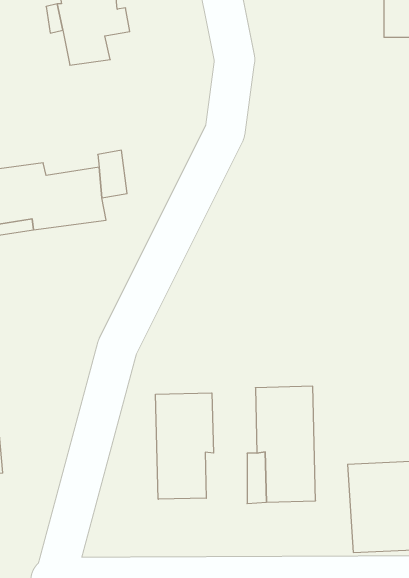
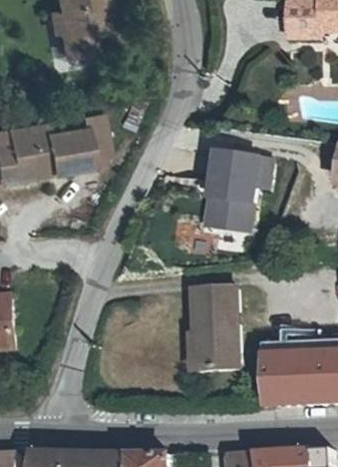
building: none -> [209,149,273,232]
building: [156,393,213,499] -> none

